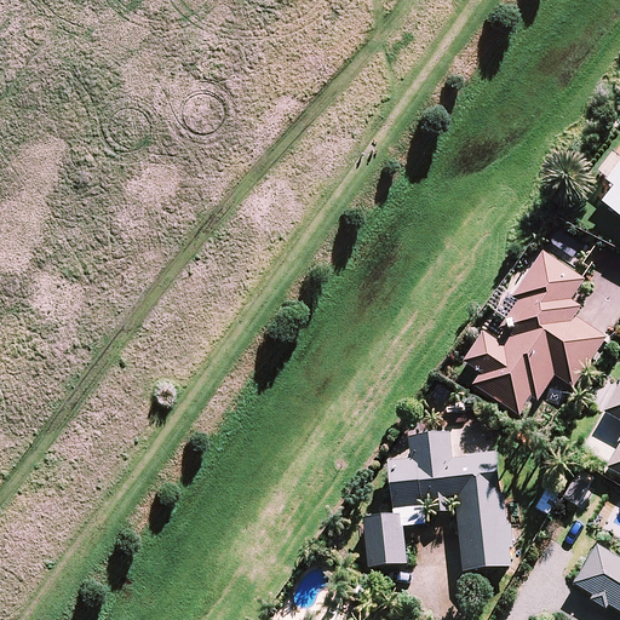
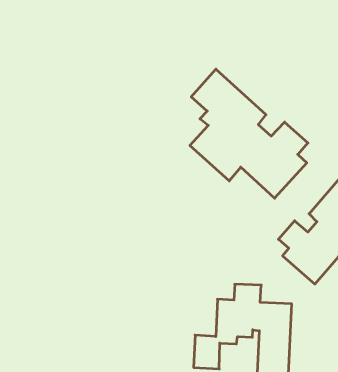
building: none -> [190,69,308,198]

